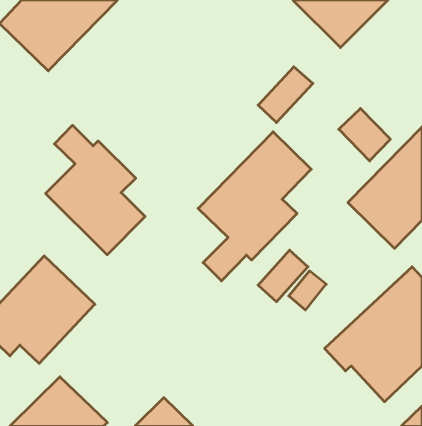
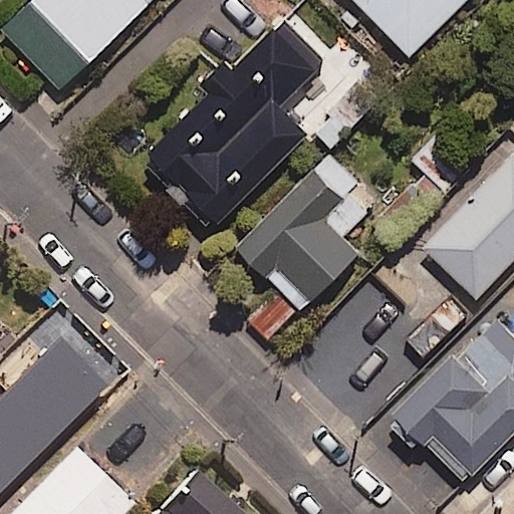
building: none -> [147,24,324,230]
building: [46,125,145,255] -> none

